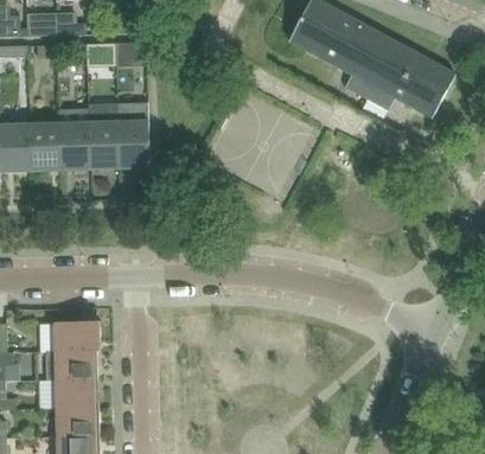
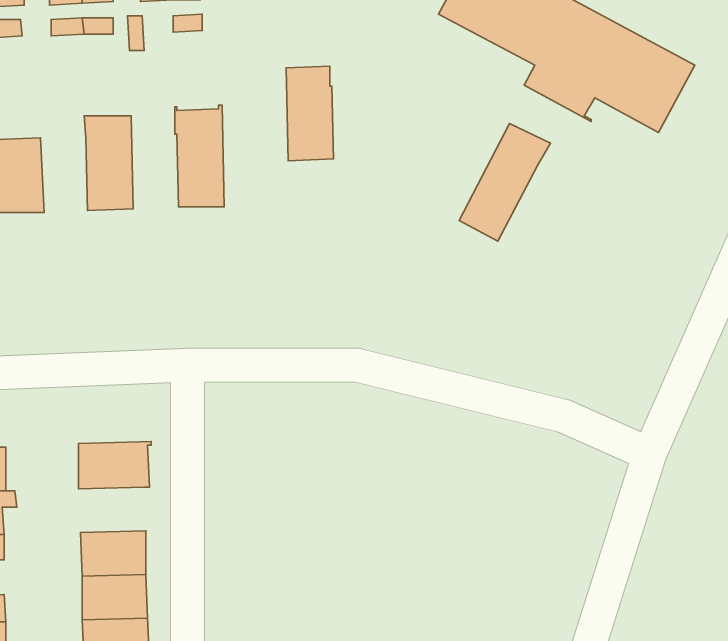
building: [89,107,120,168] -> [286,66,334,161]
building: none -> [459,124,551,241]
building: [30,122,60,171] -> none
building: [46,350,98,379] -> none

